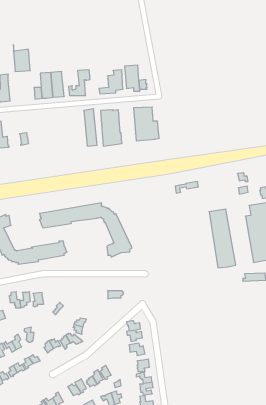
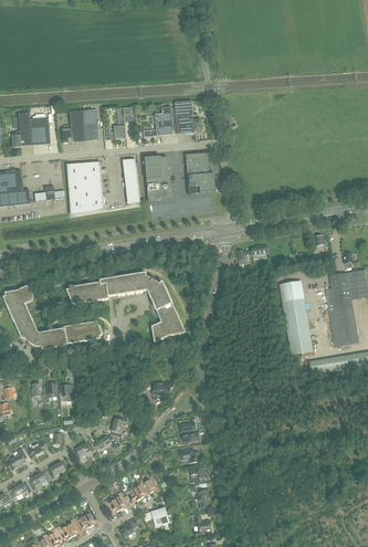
building: [13,45,30,71] -> [29,112,50,145]
building: none -> [64,160,104,212]

